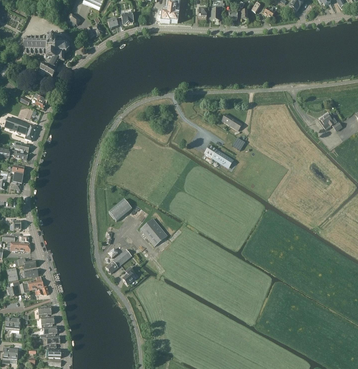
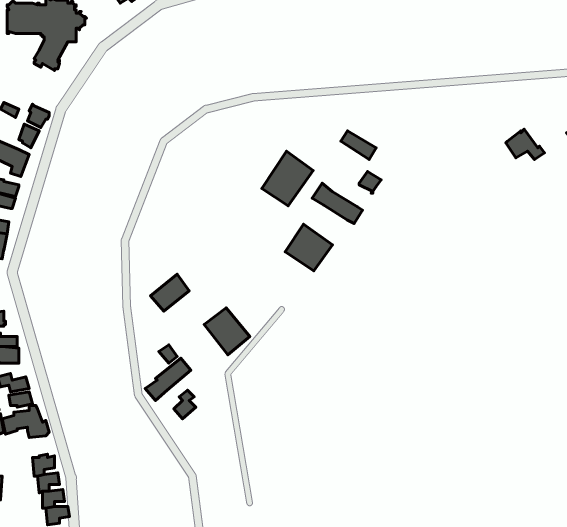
building: none -> [262,151,313,206]
building: none -> [285,224,333,271]

